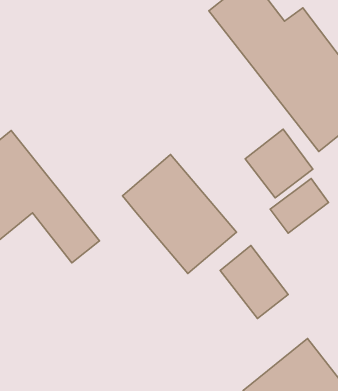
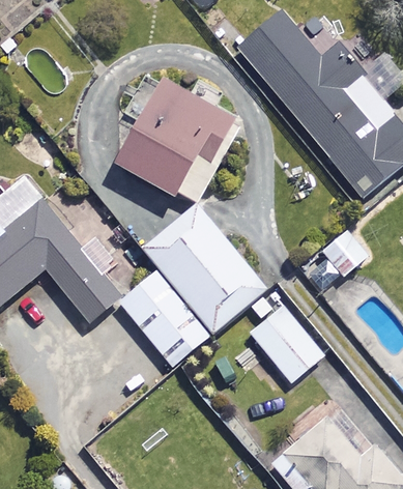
building: none -> [118,81,238,206]
building: [245,129,313,198] -> none
building: none -> [119,265,214,351]

